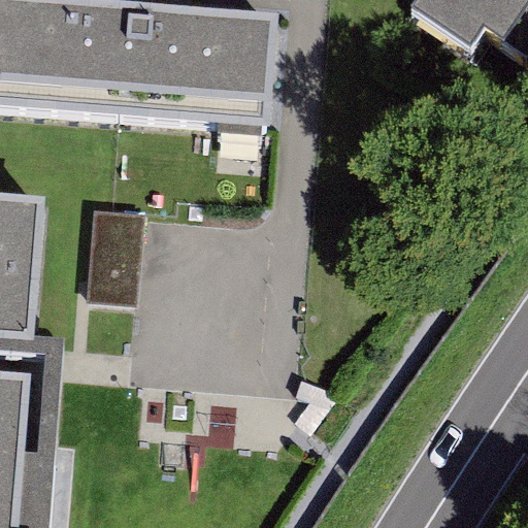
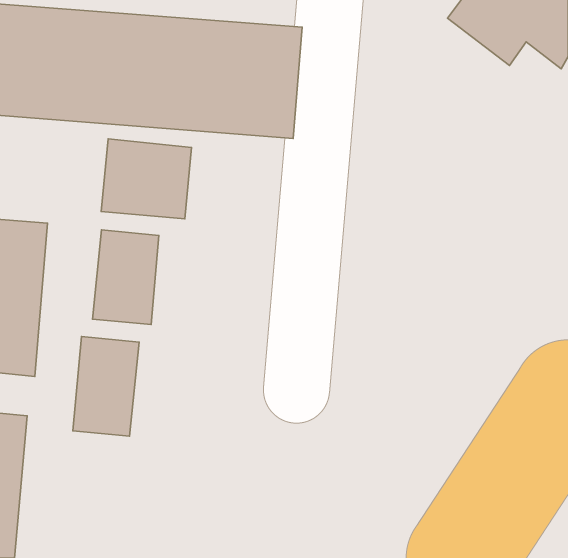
building: none -> [101,139,191,219]
building: none -> [73,337,139,436]

